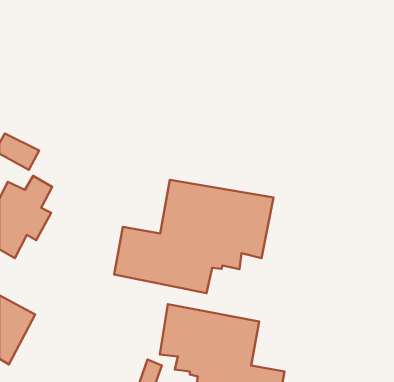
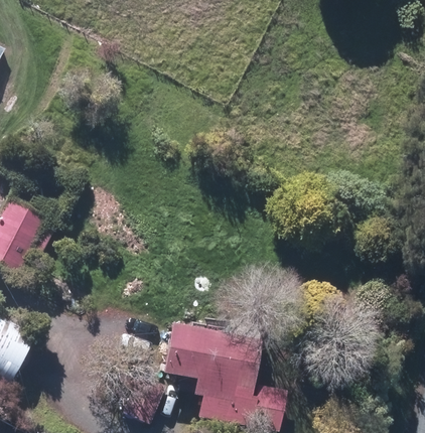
building: [114,180,273,293] -> none

